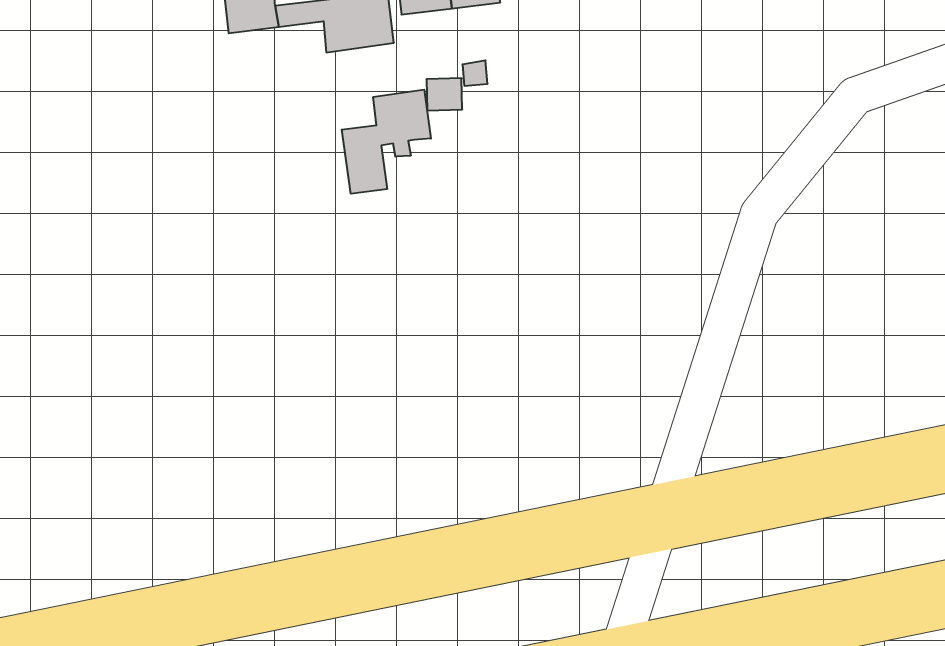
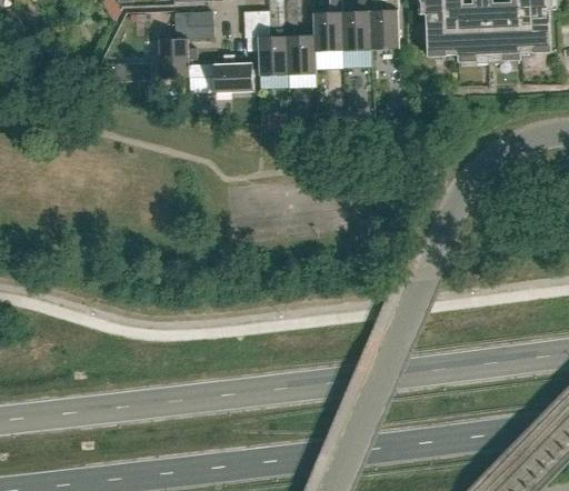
building: [342,90,431,194] -> none

